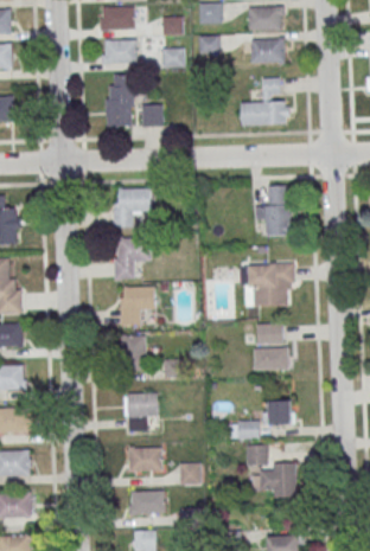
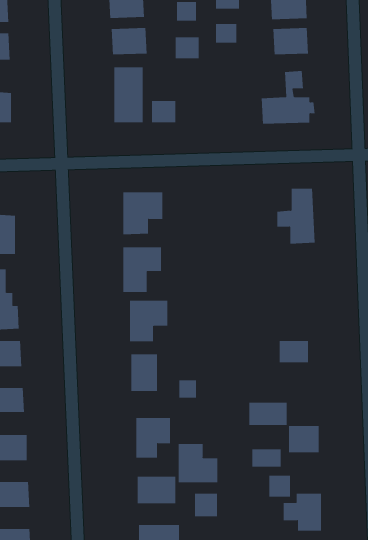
building: [244,264,292,306] -> none
building: [254,348,289,370] -> [248,402,288,425]
building: none -> [178,443,218,483]

